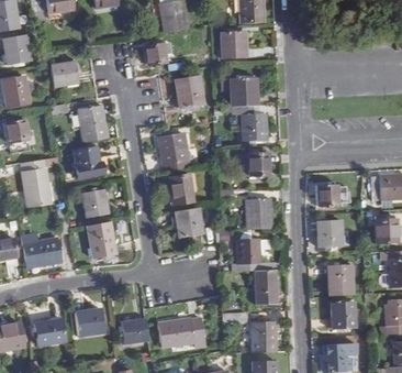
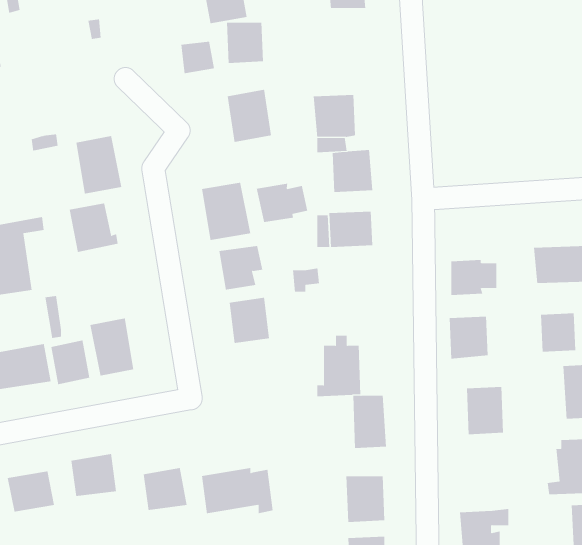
building: [221,32,245,58] -> [226,22,264,63]
building: [51,62,78,87] -> none
building: none -> [256,183,308,223]
building: [82,189,108,218] -> [51,340,90,385]
building: [246,199,271,230] -> none
building: [330,301,355,329] -> none

